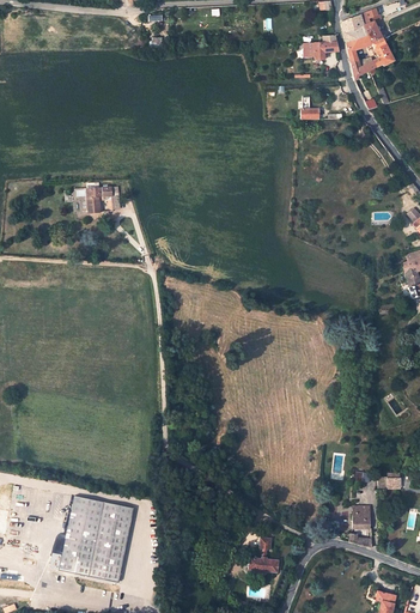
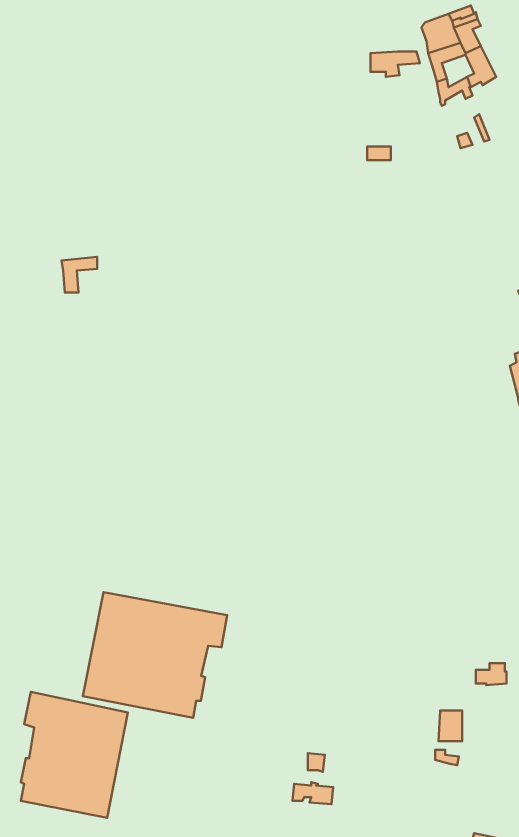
building: none -> [83,592,227,718]

